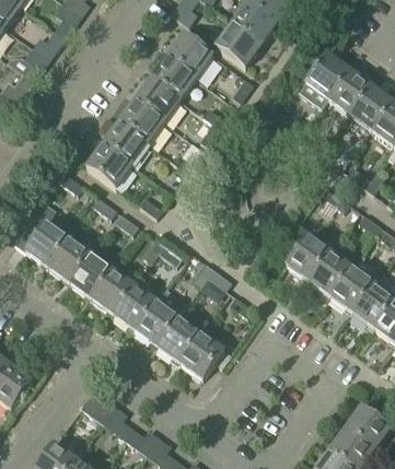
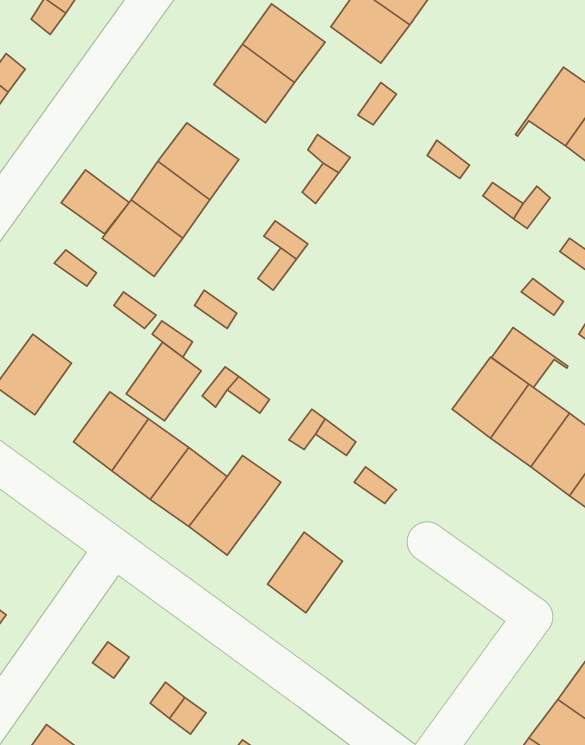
building: [299,51,348,106] -> none
building: [133,78,178,120] -> none
building: none -> [61,170,129,234]
building: none -> [492,328,568,387]
building: [47,236,90,281] -> [126,342,201,421]
building: [156,316,200,362] -> none

